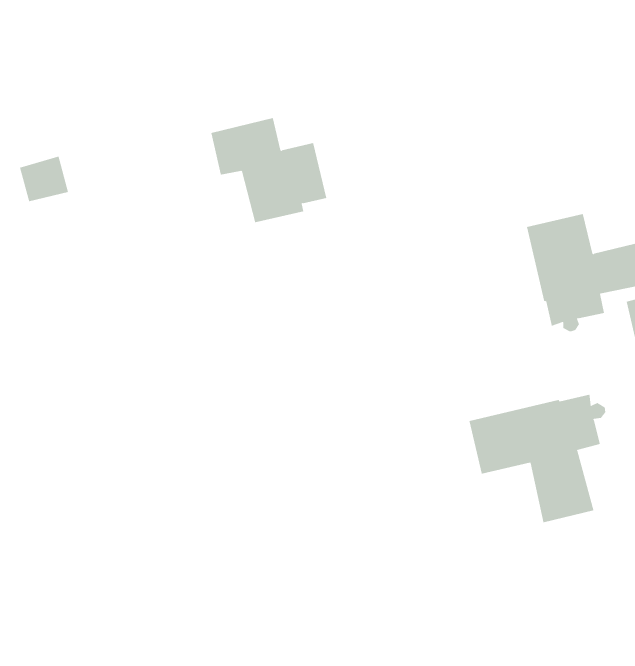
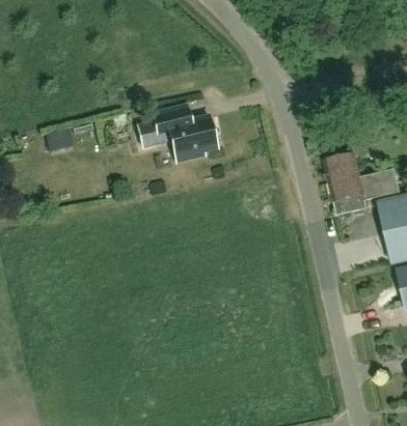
building: [469,394,606,523] -> none

